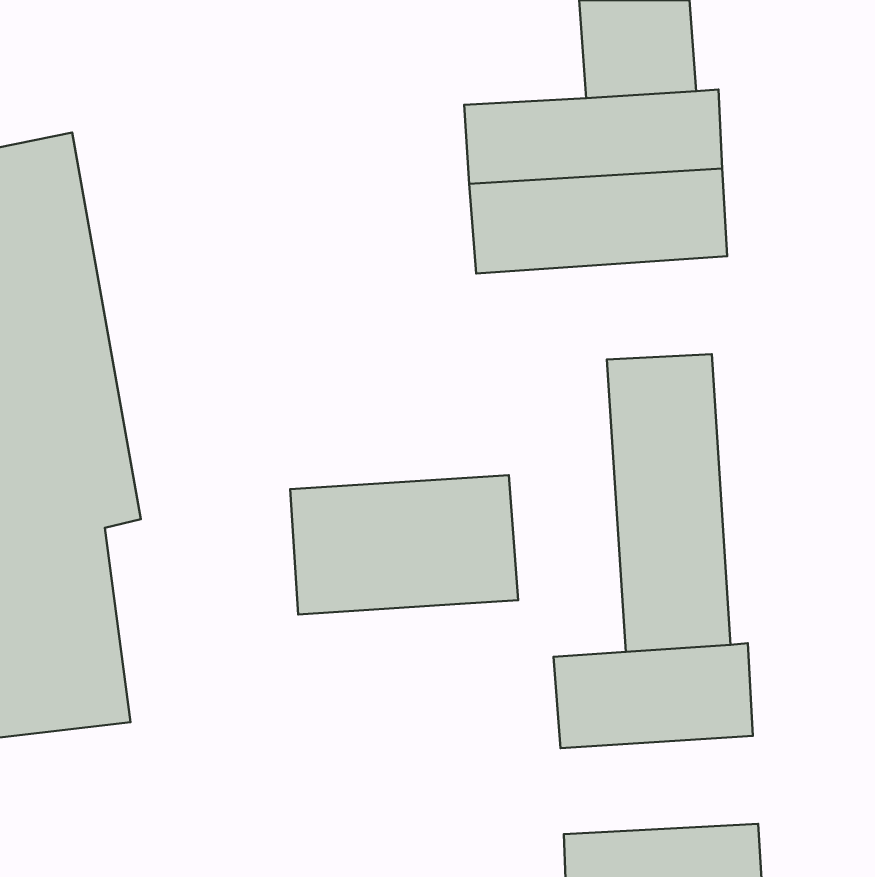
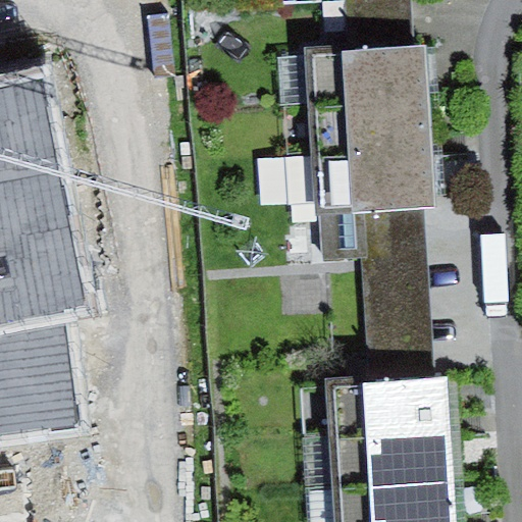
building: none -> [282,153,433,265]
building: [290,475,518,614] -> none
building: none -> [332,437,450,495]

